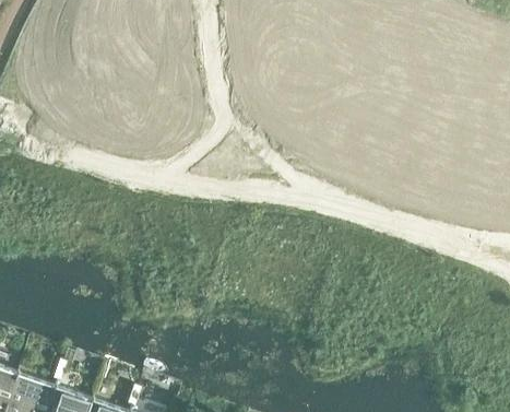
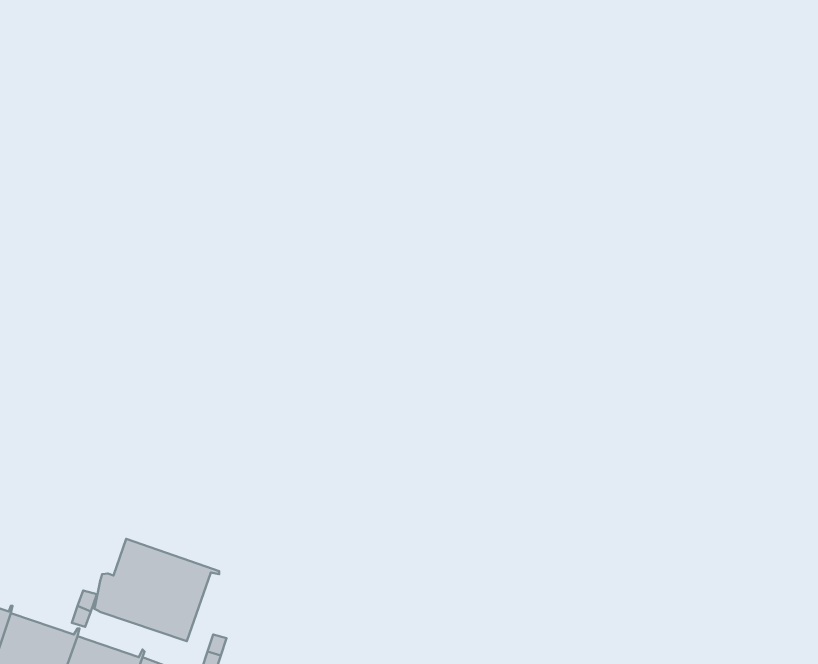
building: none -> [92,539,219,641]

